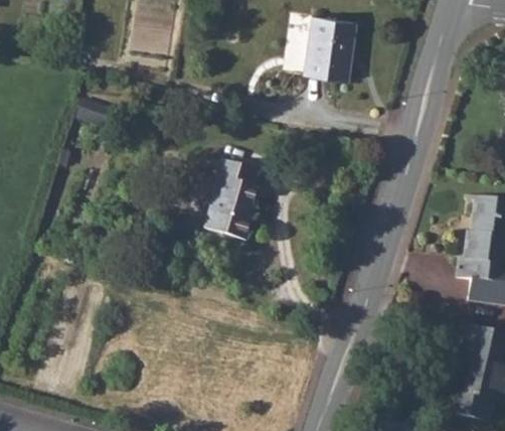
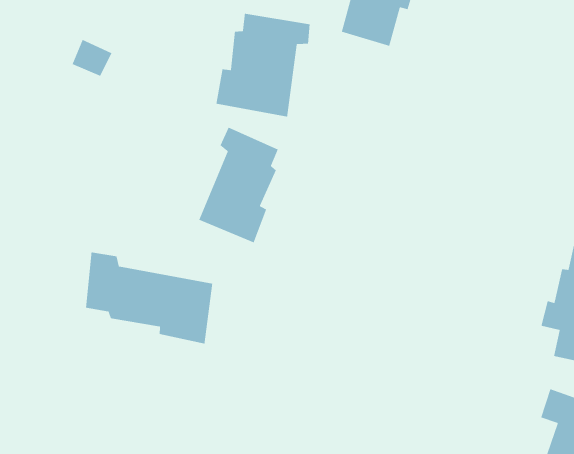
building: none -> [215,13,311,118]
building: none -> [85,252,213,344]

